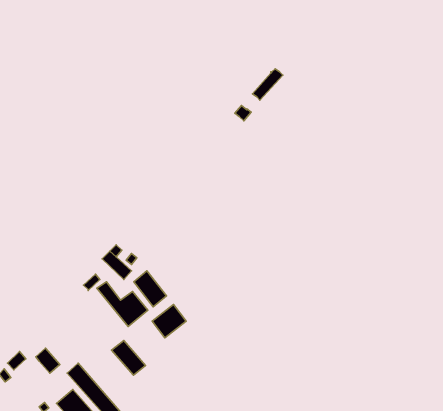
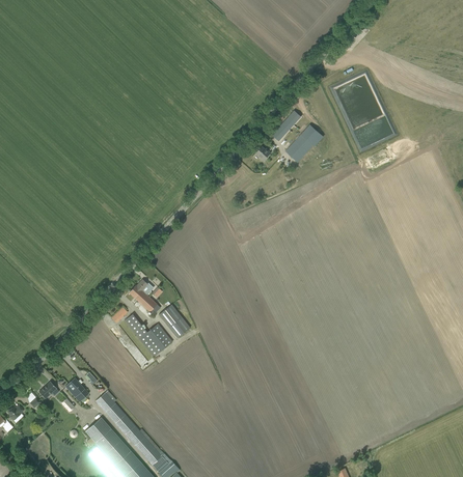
building: none -> [285,124,323,162]
building: [152,304,186,338] -> none
building: [112,340,146,375] -> none

